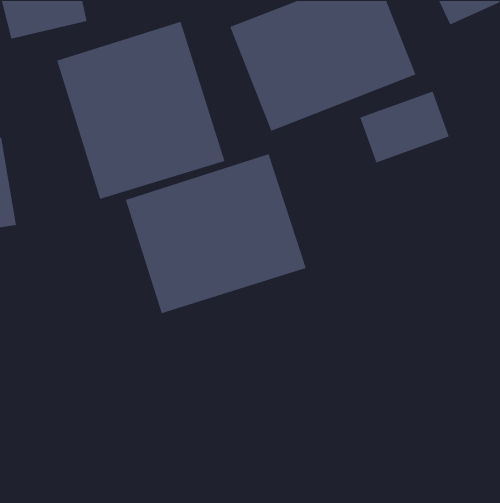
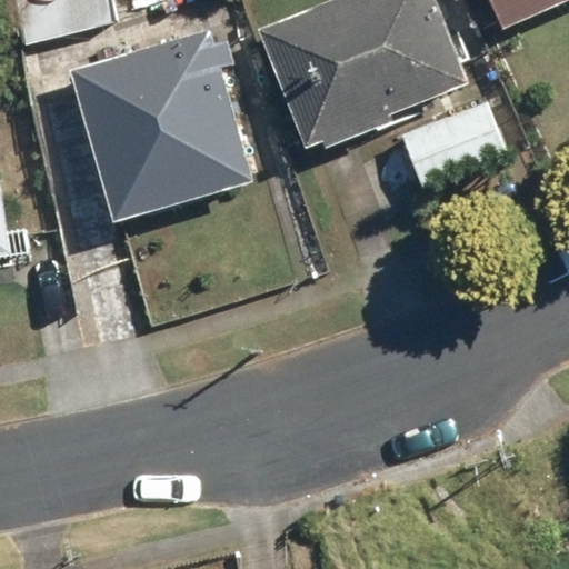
building: [125,153,307,314] -> none

